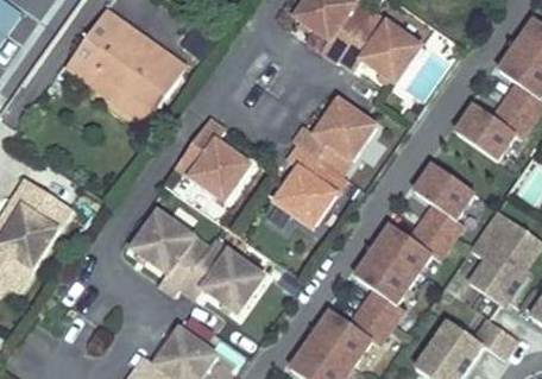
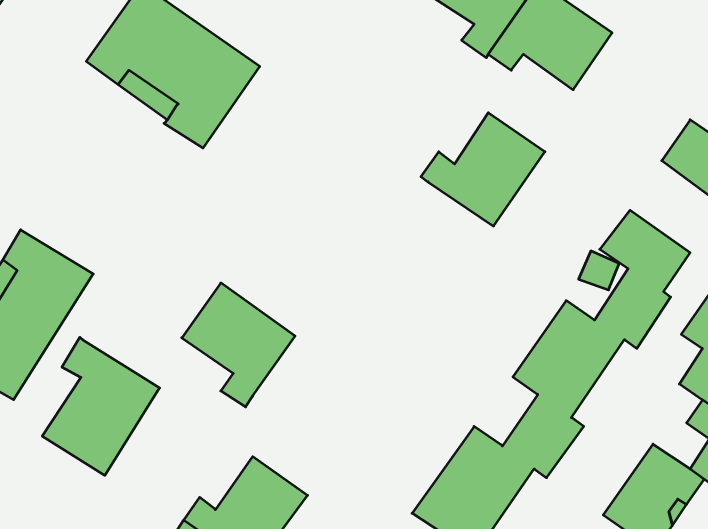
building: [176,118,252,200] -> none
building: [275,144,347,226] -> none
building: [181,240,265,311] -> none
building: none -> [42,337,160,475]

